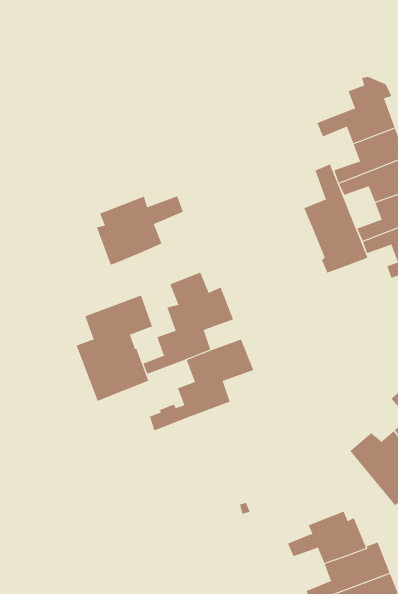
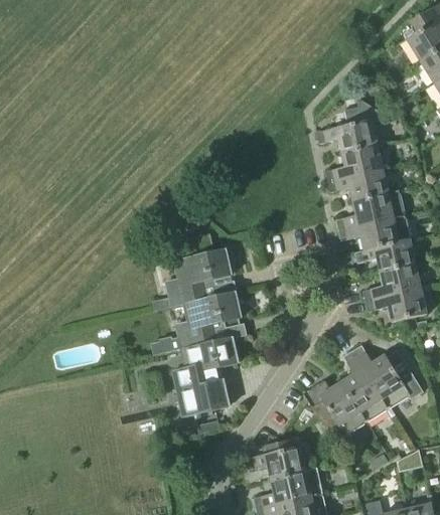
building: [303,164,368,274] -> none
building: [96,195,183,266] -> none
building: [76,295,153,401] -> [174,339,237,417]

